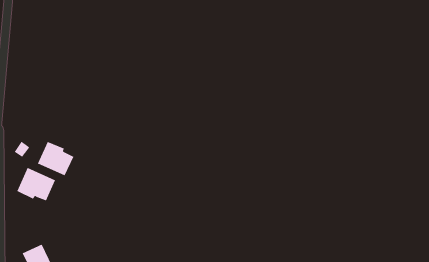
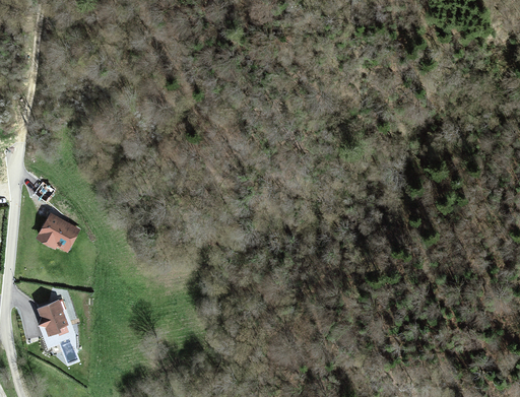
building: [37,141,74,176] -> none

